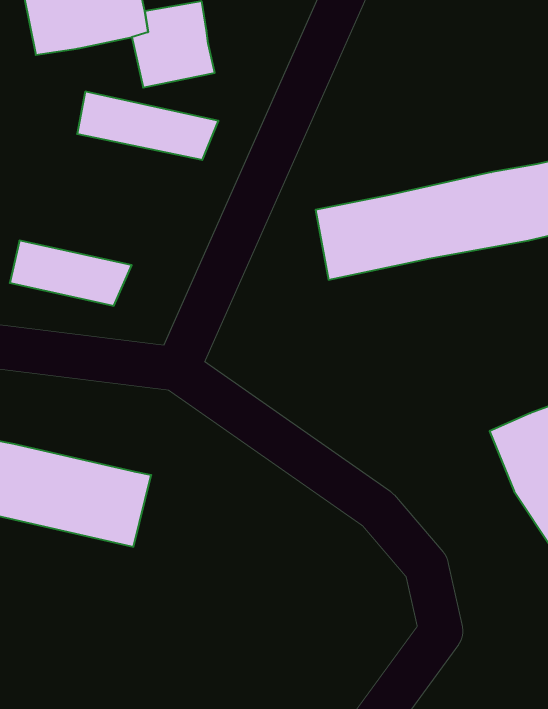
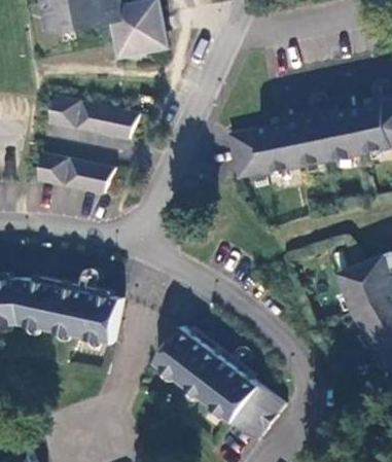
building: [77,92,219,160] -> [47,97,137,140]
building: none -> [155,327,287,442]

